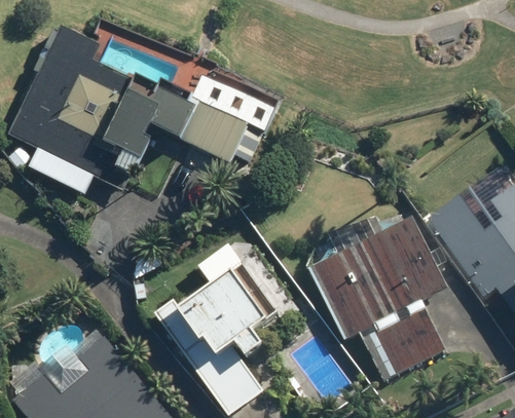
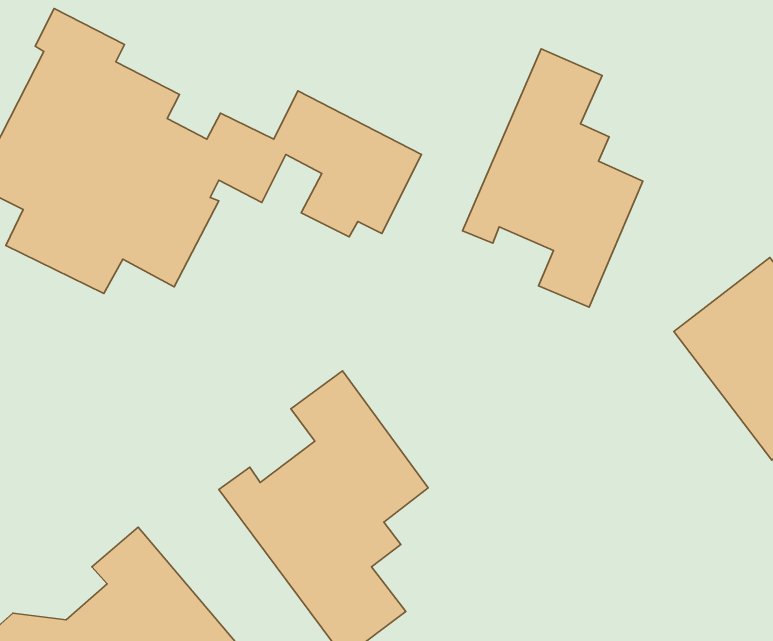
building: none -> [462,49,643,307]
building: [308,216,446,379] -> none

